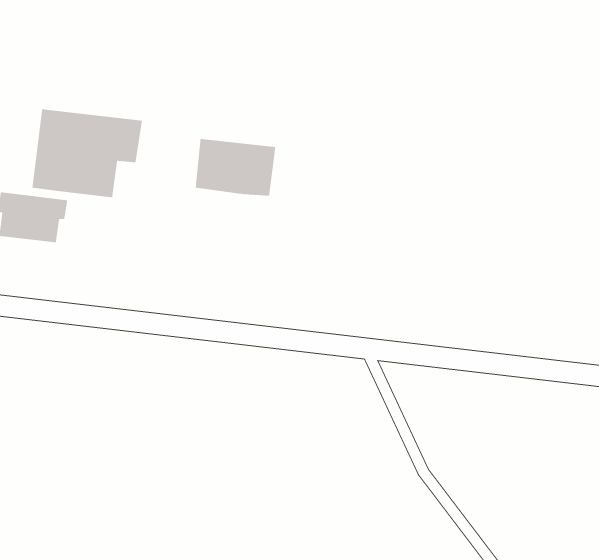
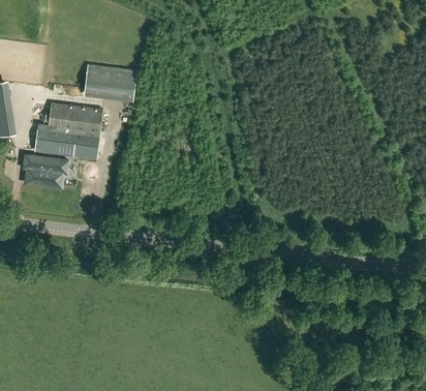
building: [195,138,276,196] -> [84,64,134,100]

